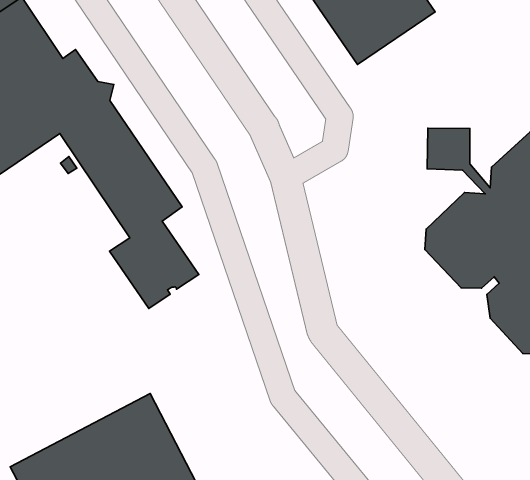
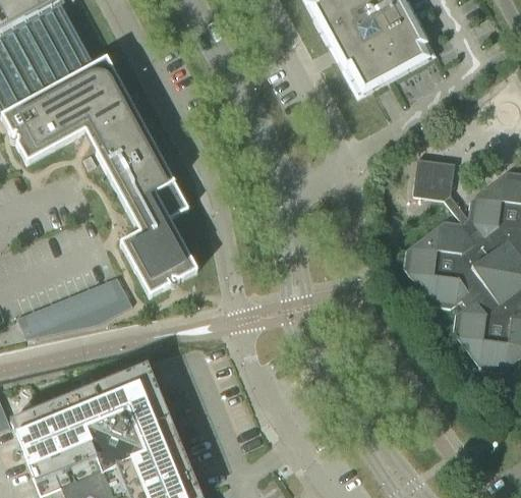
building: none -> [18,277,133,339]

